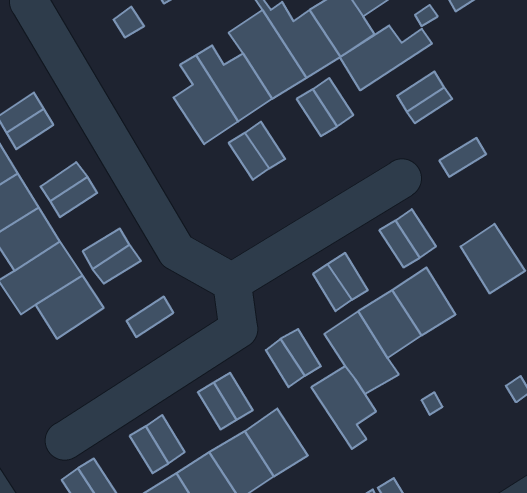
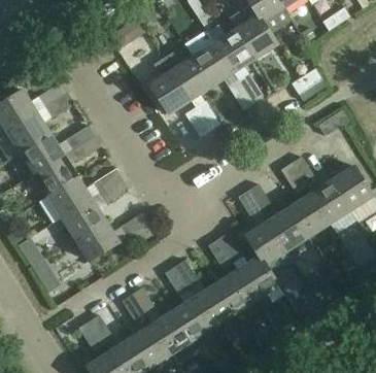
building: [340,25,432,90] -> none
building: none -> [309,179,349,223]
building: none -> [74,218,118,260]
building: none -> [214,269,255,312]

